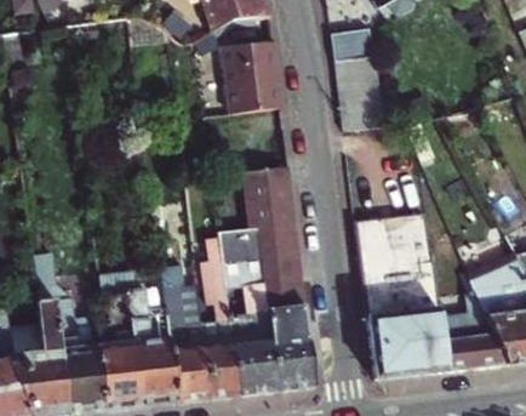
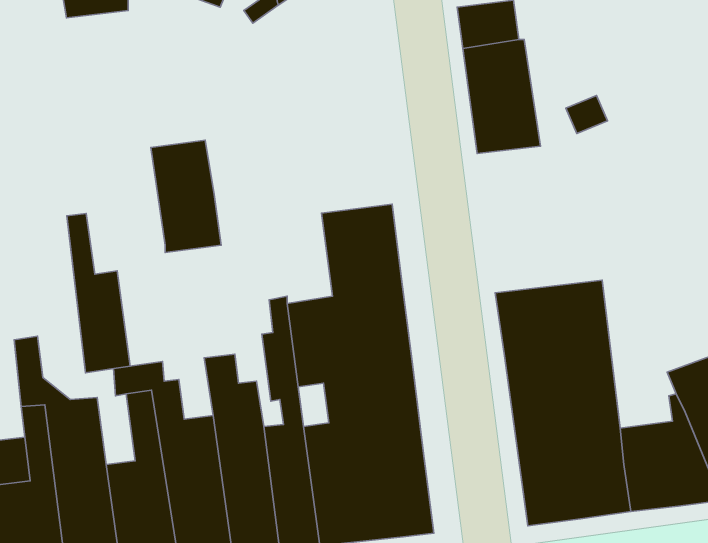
building: [231,40,279,115] -> [151,140,221,252]
building: none -> [67,213,130,373]

